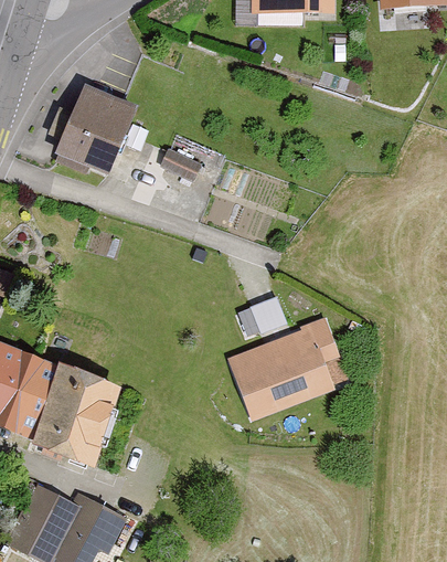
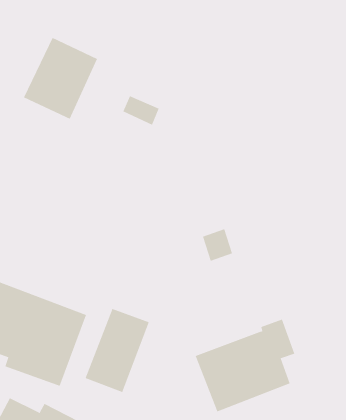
building: [228,318,340,422] -> [195,319,295,412]
building: none -> [85,308,149,393]

